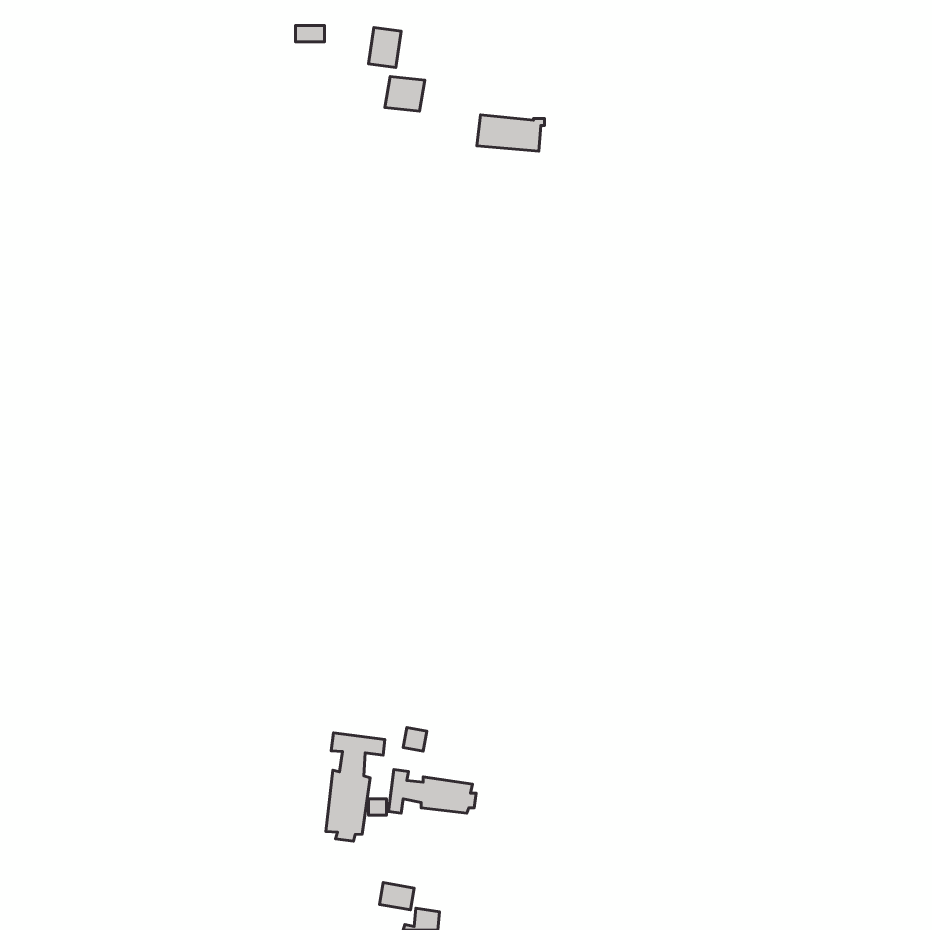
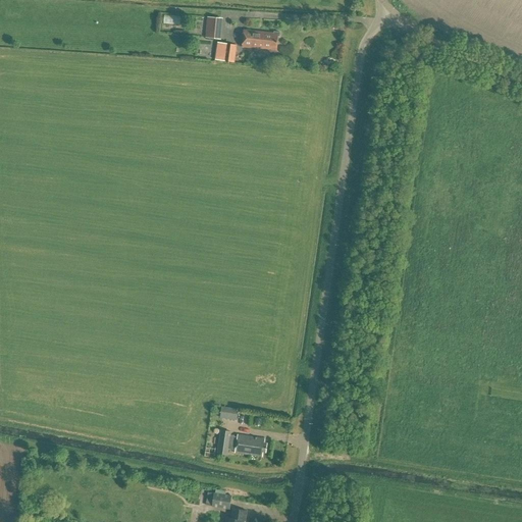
building: [477,115,544,151] -> [242,30,279,50]
building: [326,733,385,841] -> none

